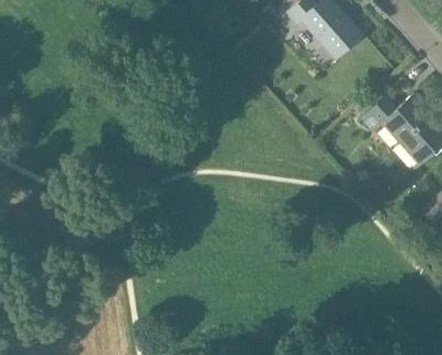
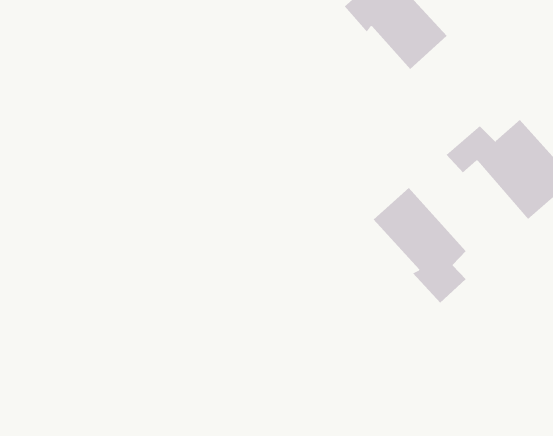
building: none -> [373,187,466,304]

